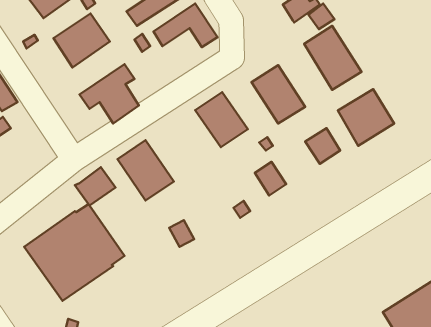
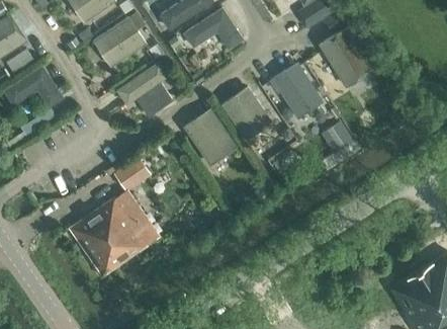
building: [338,89,394,146] -> none
building: [118,140,174,201] -> [184,109,235,164]

